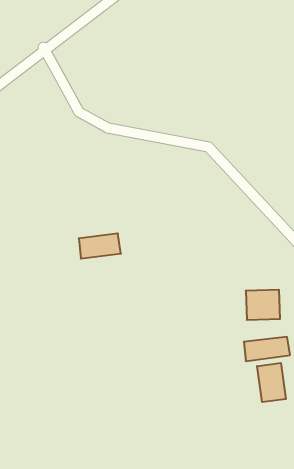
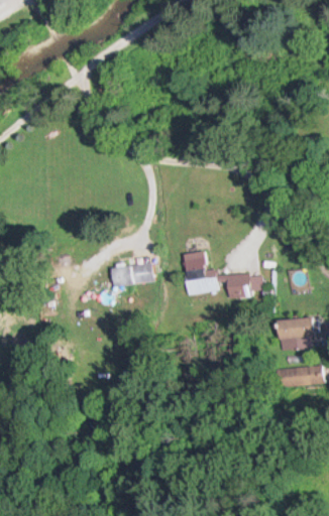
building: none -> [184,250,250,297]
building: [257,363,286,402] -> none

